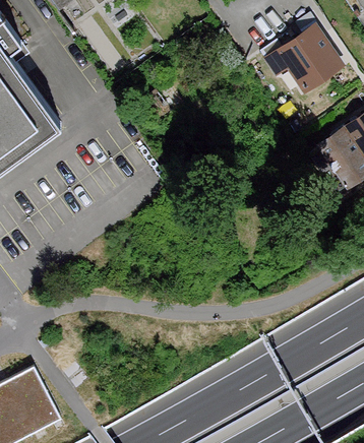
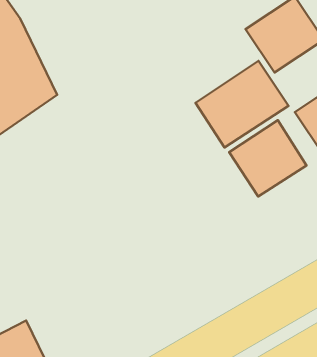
building: none -> [195,61,289,147]
building: none -> [229,120,306,196]

